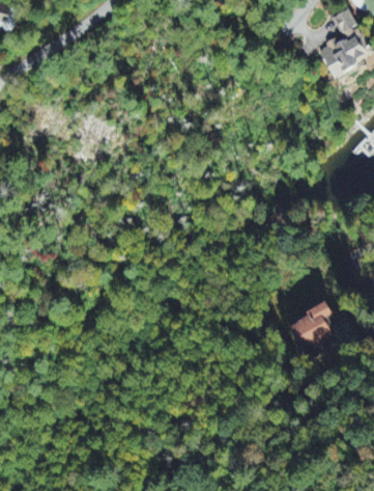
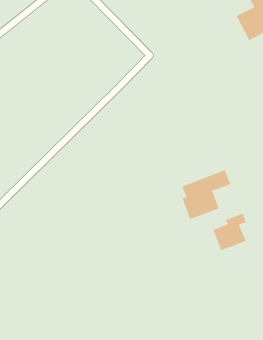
building: none -> [181,170,231,220]

